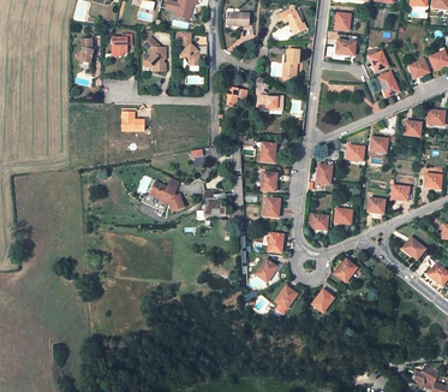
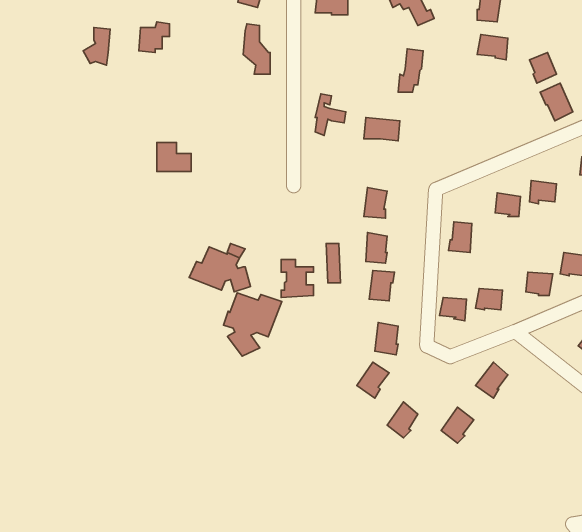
building: [141,34,163,70] -> none
building: none -> [223,293,282,356]

